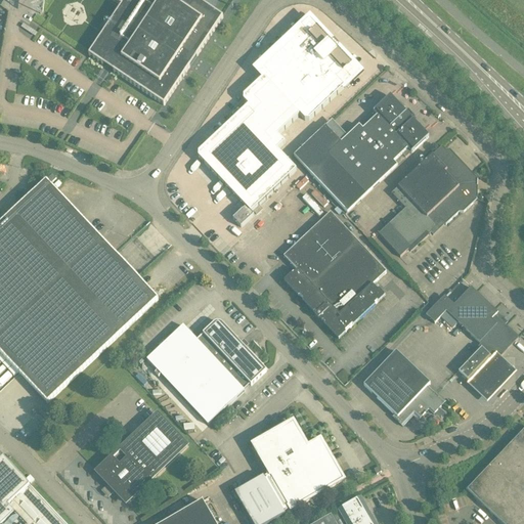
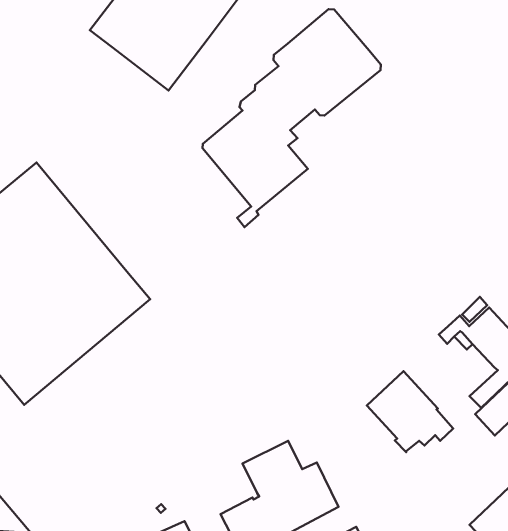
building: [293,93,428,209] -> none
building: [378,143,477,254] -> none
building: [282,209,386,335] -> none
building: [146,319,265,422] -> none
building: [96,412,185,499] -> none

